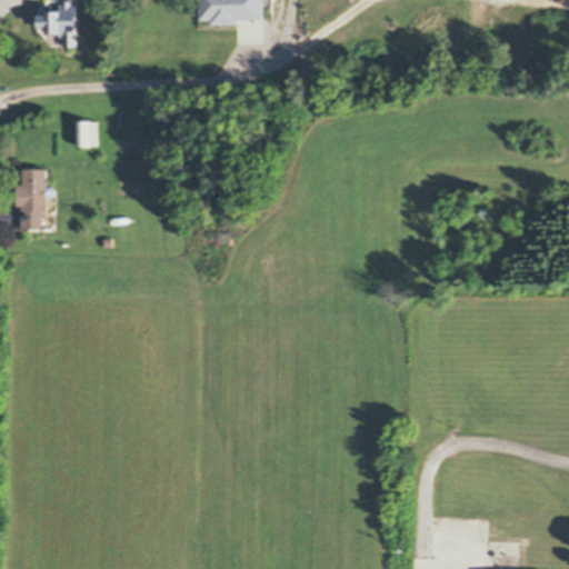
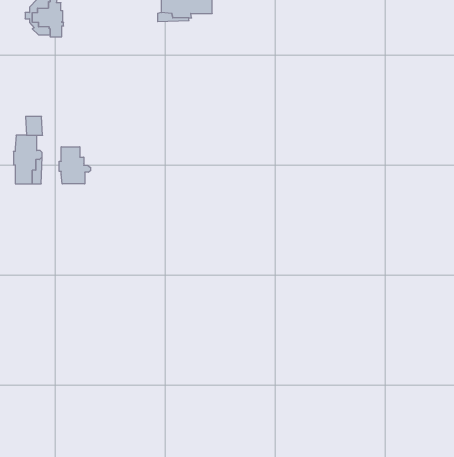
building: [73,121,94,144] -> [26,116,43,135]
building: none -> [59,147,91,184]

